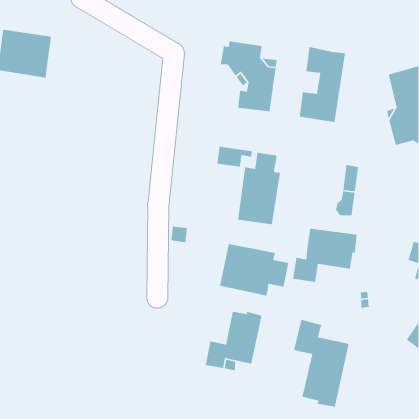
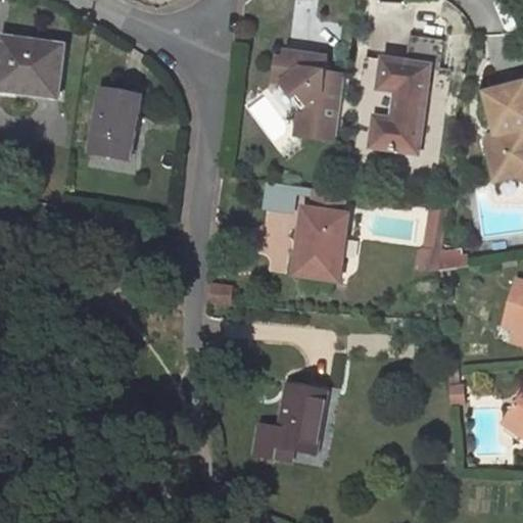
building: none -> [89,88,141,158]
building: [292,228,358,283] -> none
building: [219,243,289,296] -> none
building: [293,319,349,408] -> none

